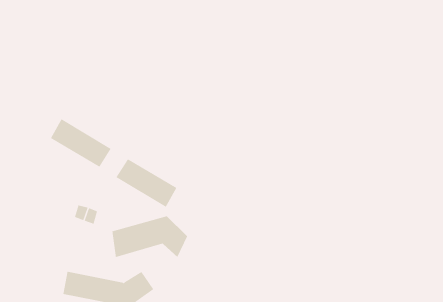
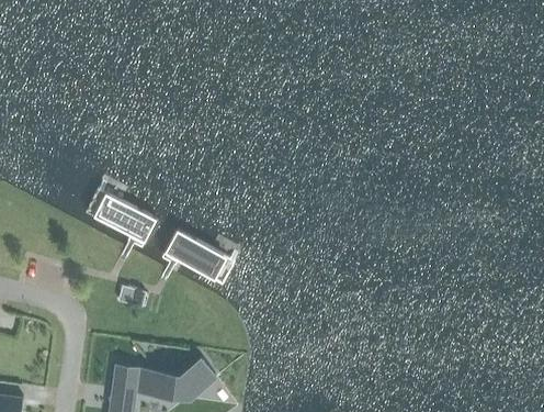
building: [112,215,188,258] -> none

